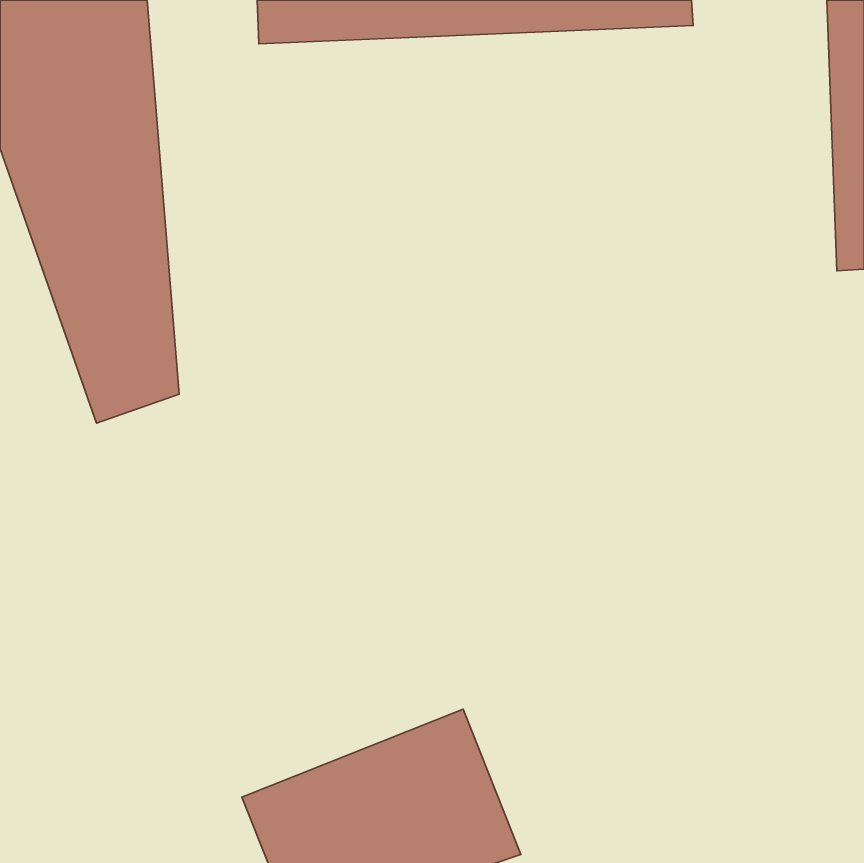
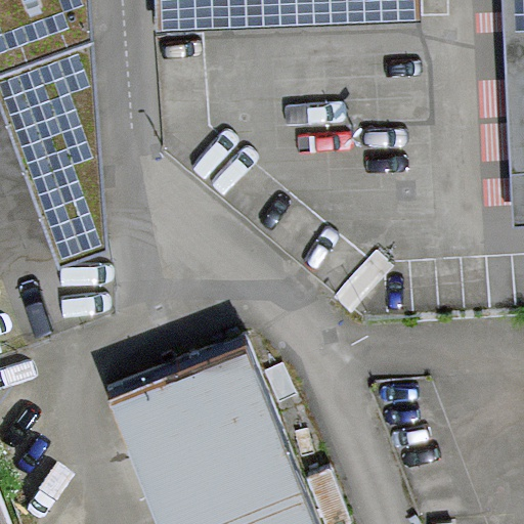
building: none -> [111,340,280,483]

